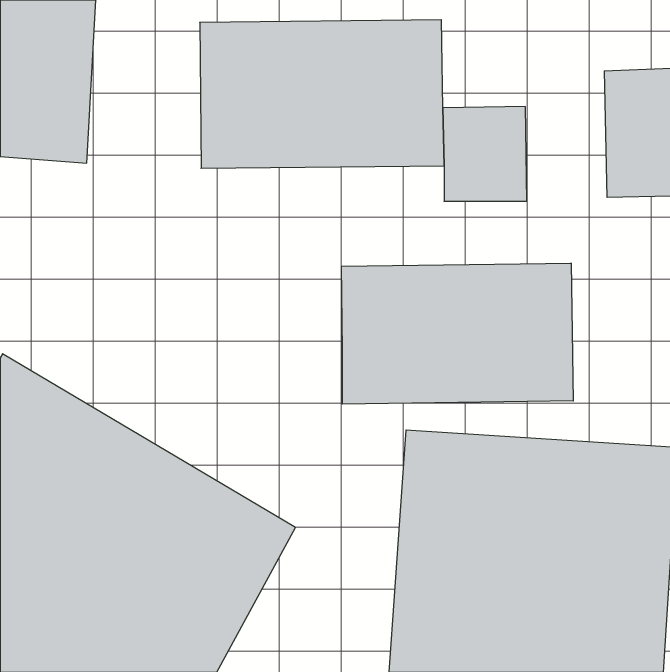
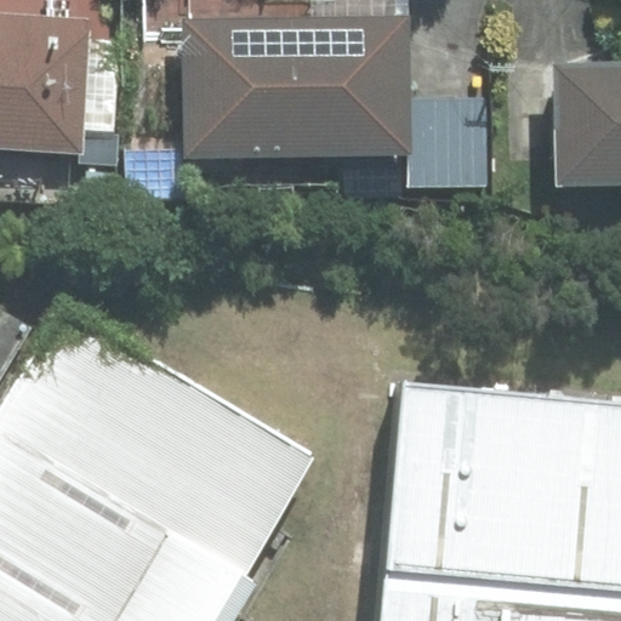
building: [342,263,573,404] -> none

